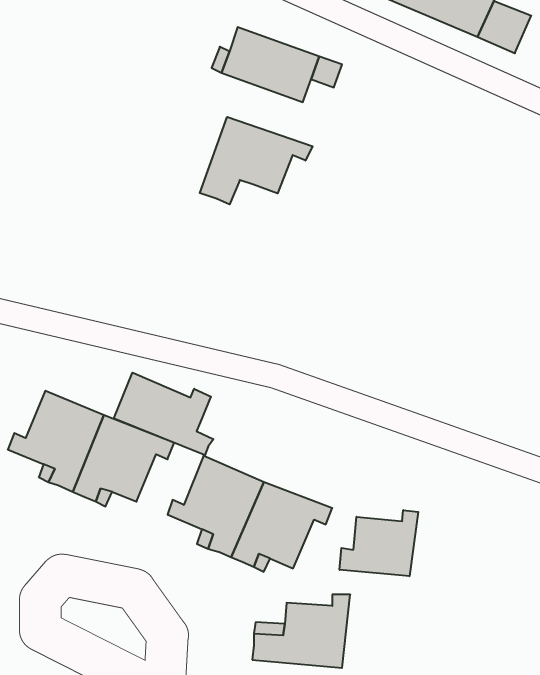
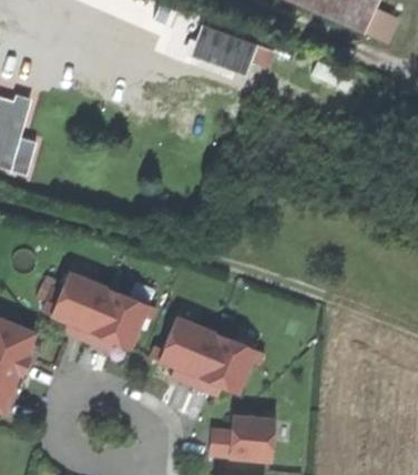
building: [200,117,313,204] -> none
building: [114,373,213,455] -> none
building: [340,510,418,576] -> none

